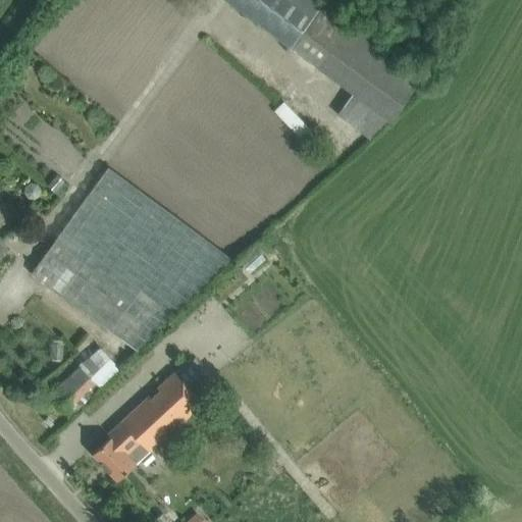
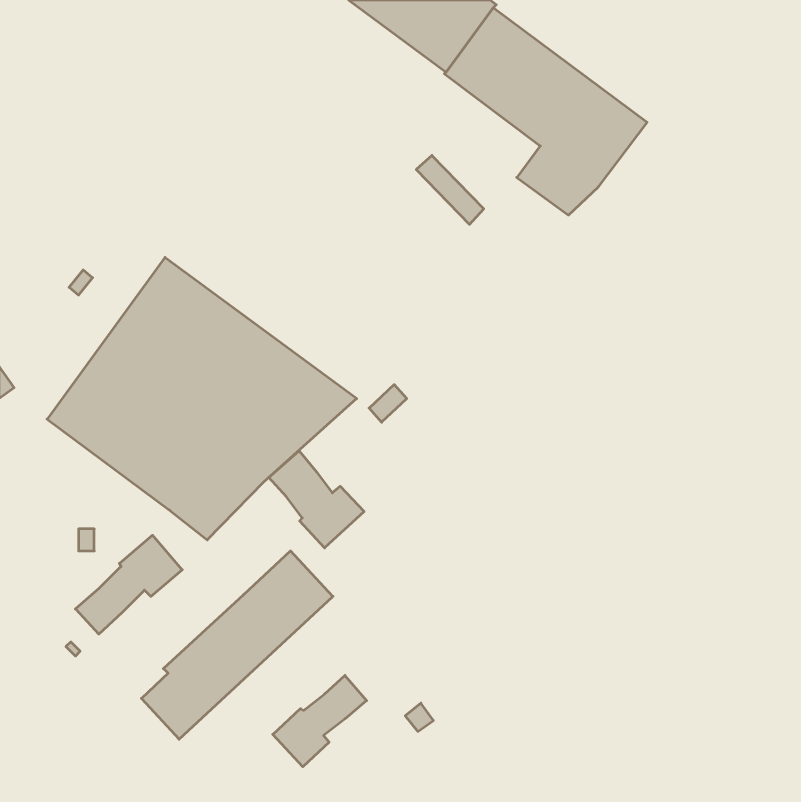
building: none -> [269,451,364,548]
building: none -> [273,675,367,767]

